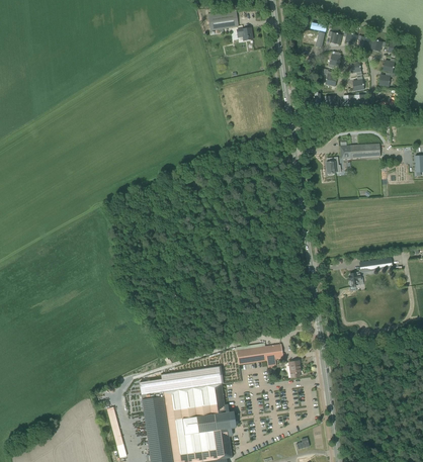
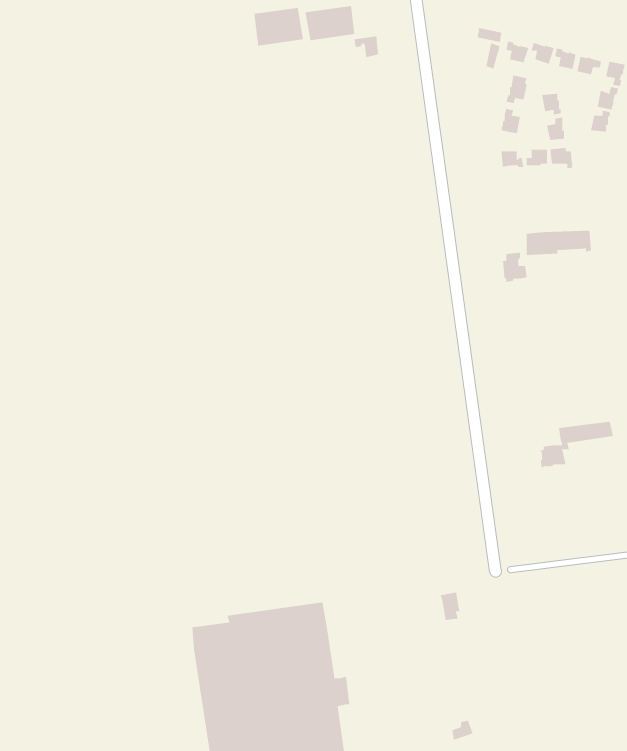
building: none -> [254,7,304,46]
building: [237,345,283,366] -> none

